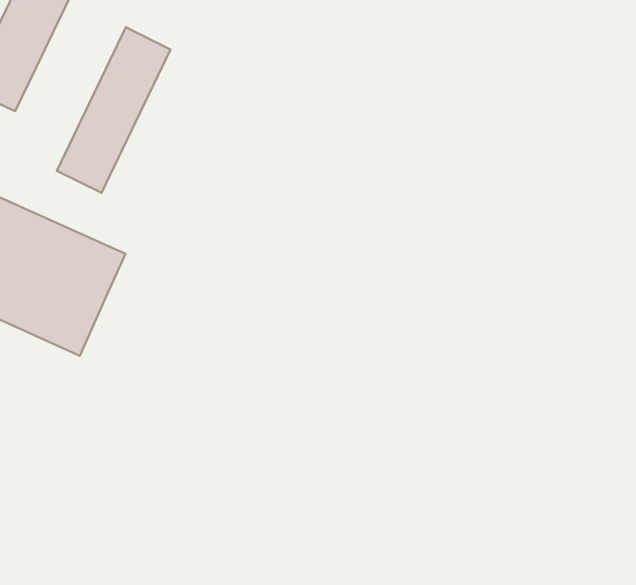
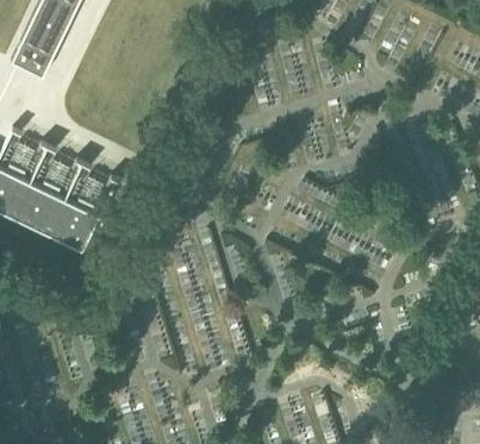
building: [57,27,170,193] -> none

